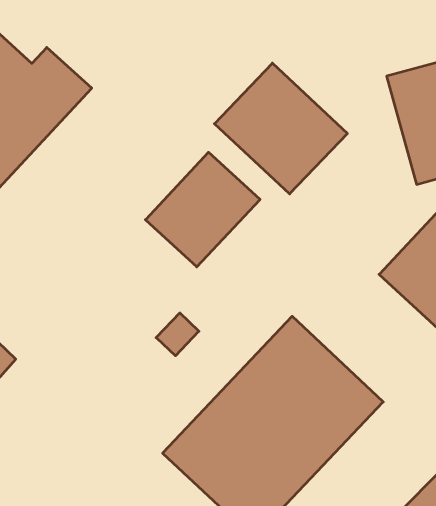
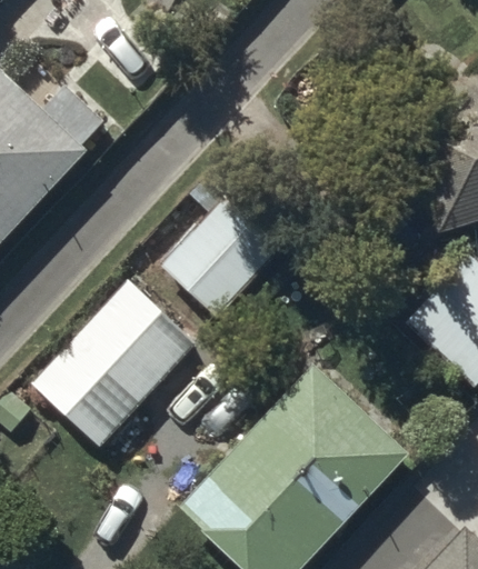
building: [214,63,347,194] -> none
building: none -> [32,282,195,446]

